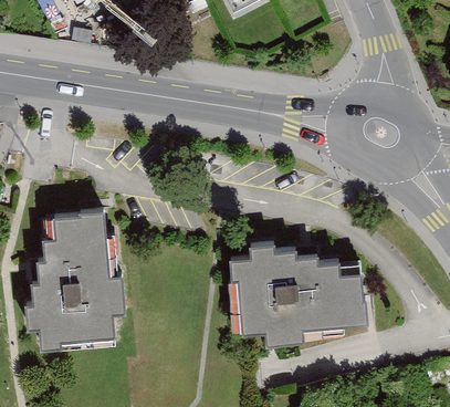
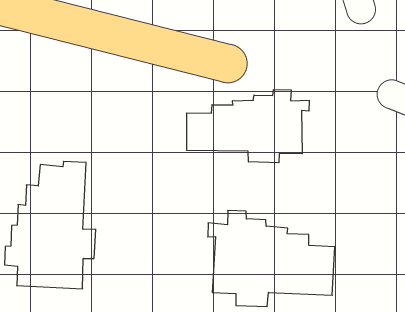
building: none -> [187,90,309,163]

